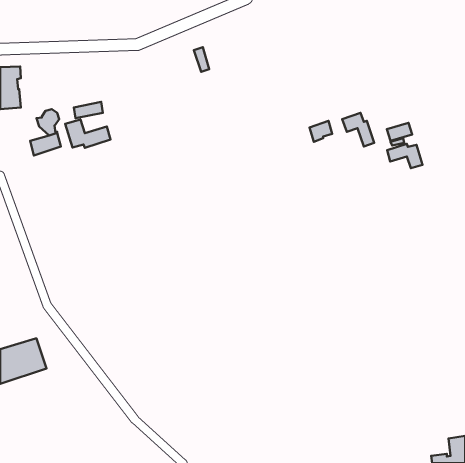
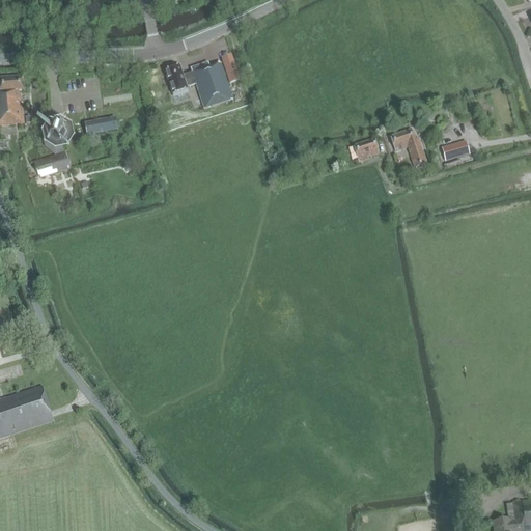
building: none -> [164,62,232,108]
building: [65,119,111,148] -> none
building: [387,144,422,168] -> none

